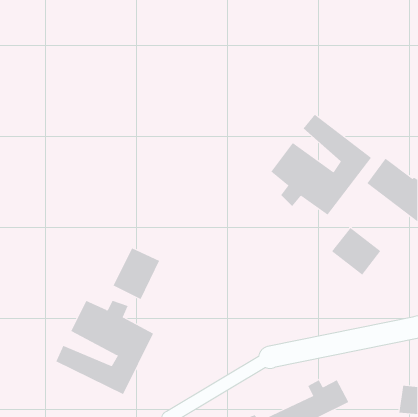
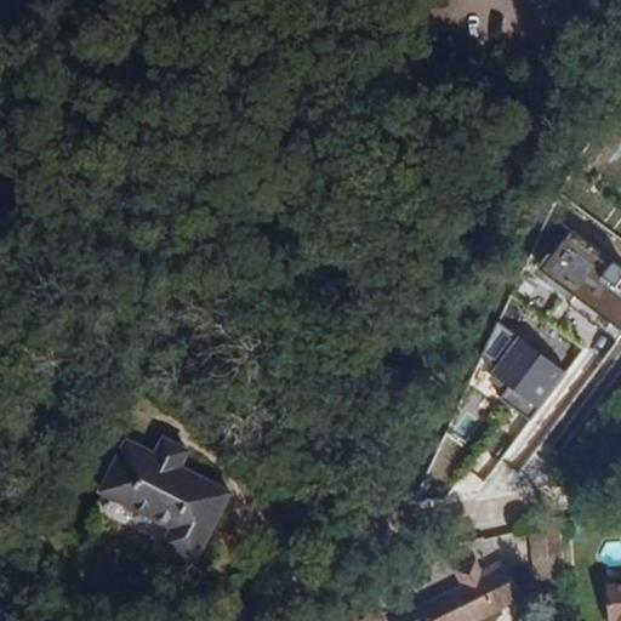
building: [270,114,372,215] -> none
building: [113,247,160,300] -> none

